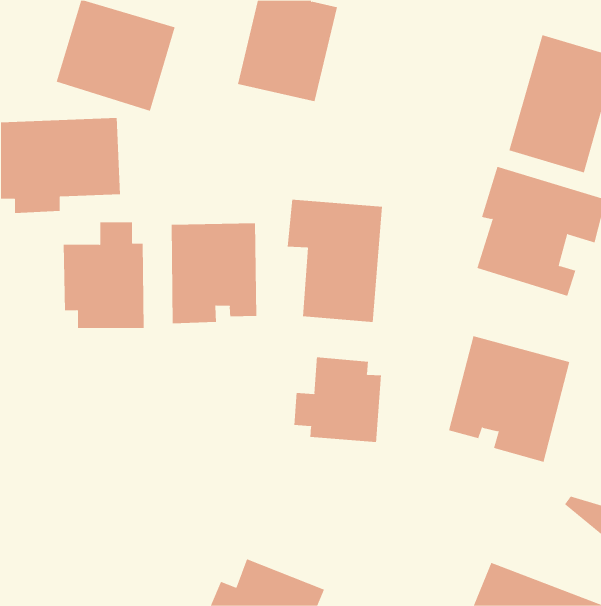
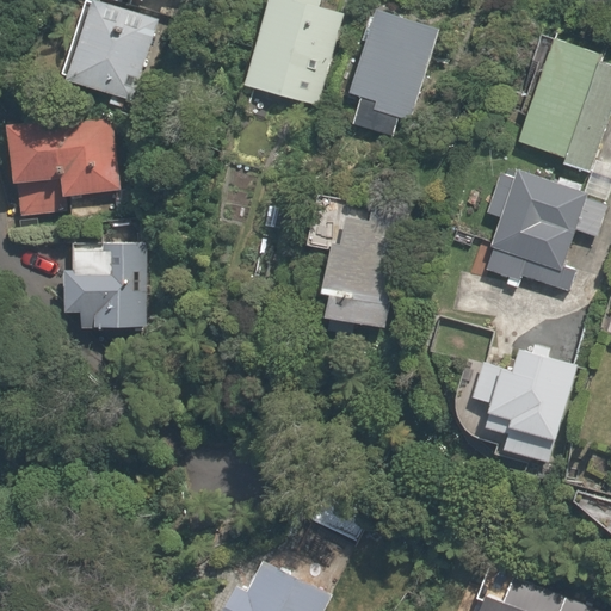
building: none -> [345,13,439,138]
building: [171,222,257,324] -> none
building: [294,357,381,443] -> none

